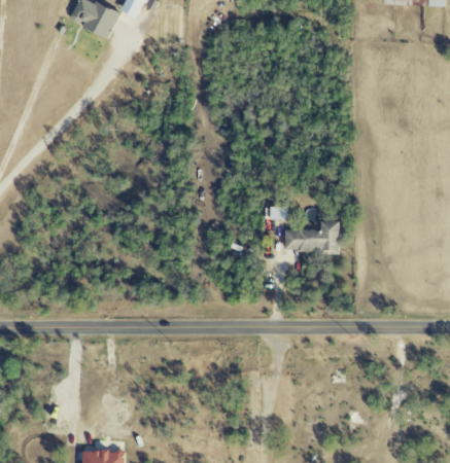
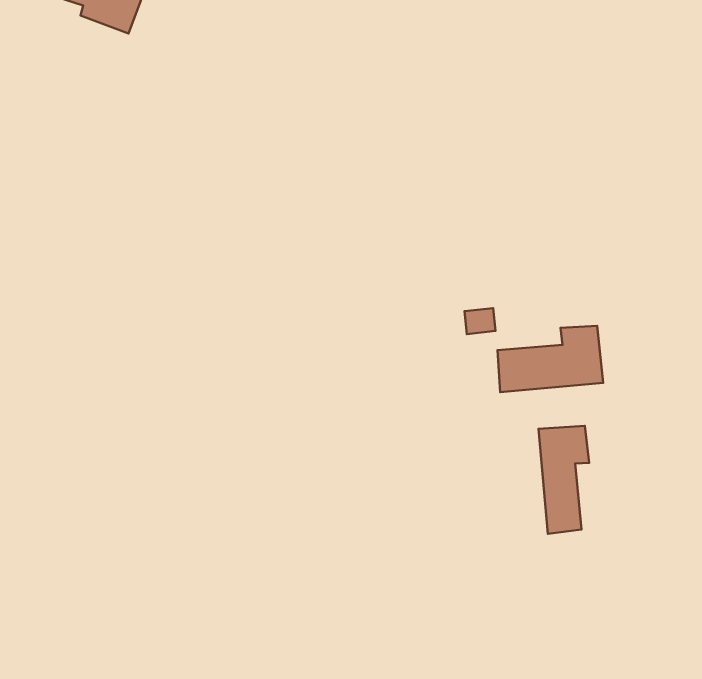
building: none -> [538,426,589,534]

